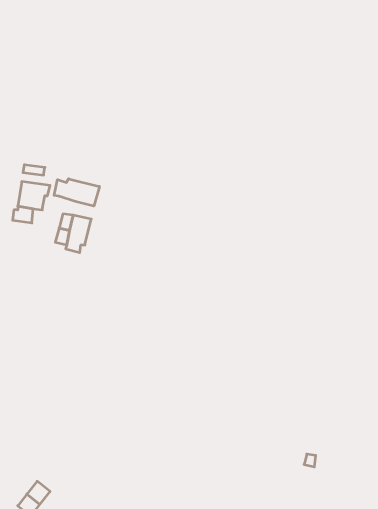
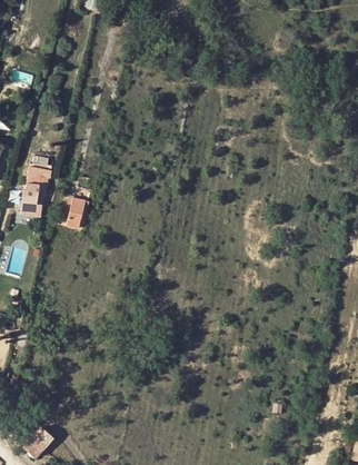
building: [54,179,99,206] -> none

